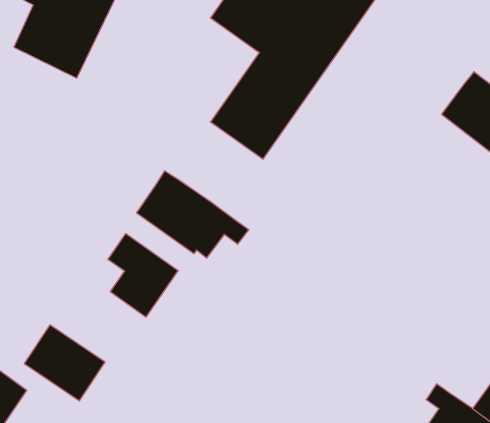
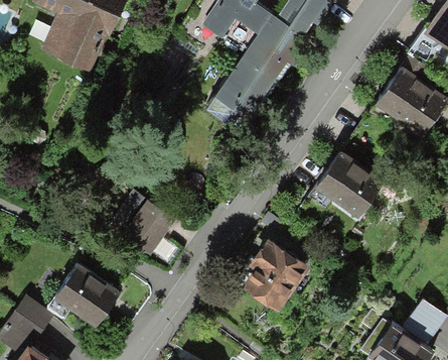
building: [136,171,249,258] -> none
building: none -> [316,150,383,214]
building: none -> [238,232,310,307]

